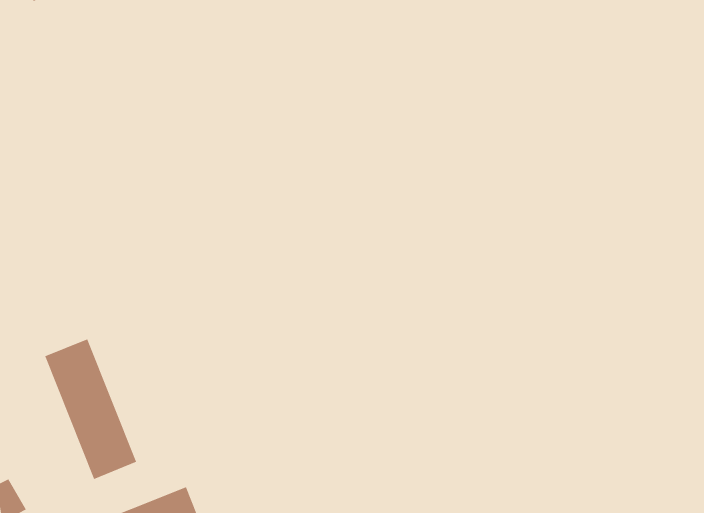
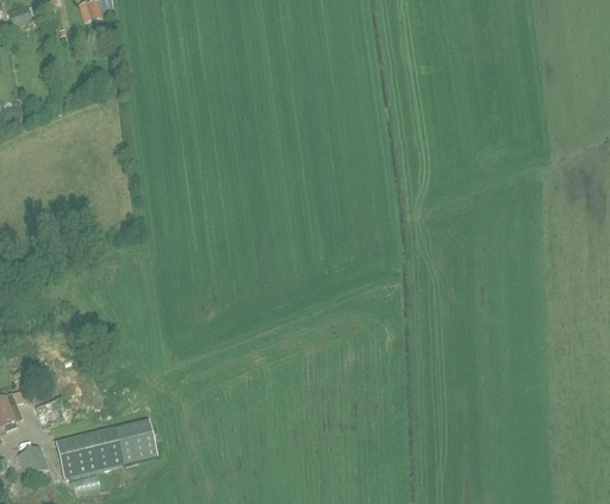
building: [45,339,137,480] -> none

